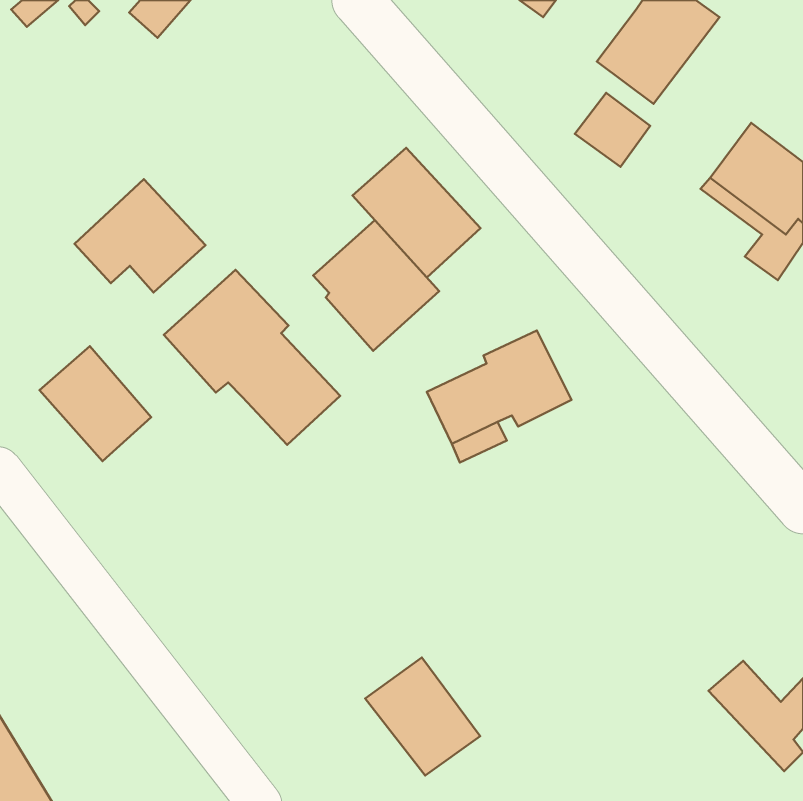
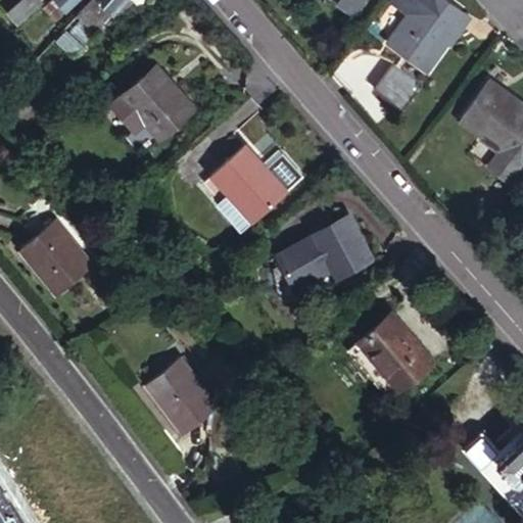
building: [353,148,480,277] -> none
building: [75,179,205,293] -> [110,64,195,138]
building: [164,270,340,445] -> none
building: none -> [363,314,437,390]
building: [365,657,480,776] -> [152,359,227,435]

